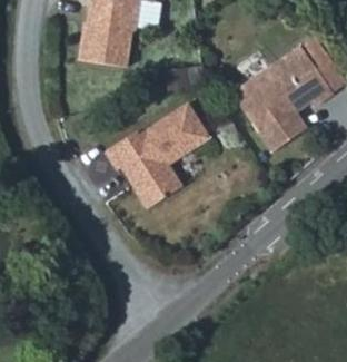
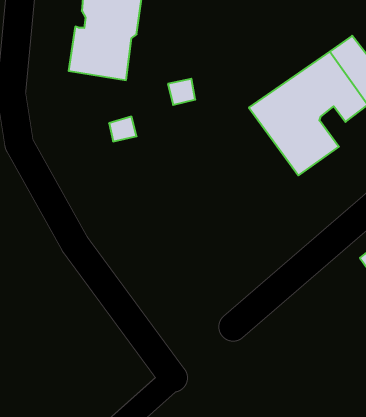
building: [106,104,210,208] -> none

